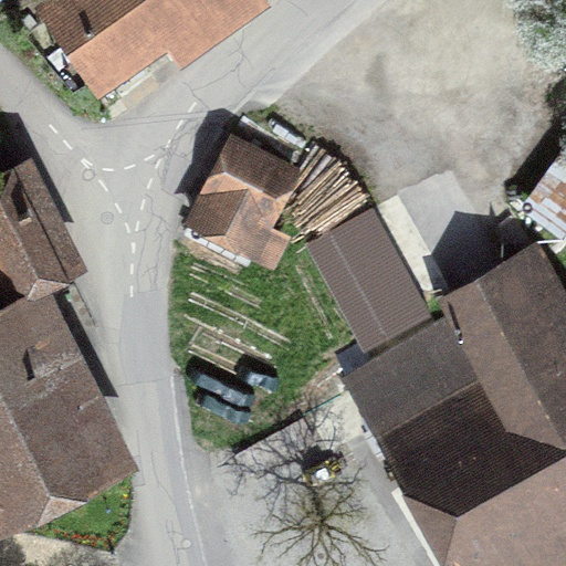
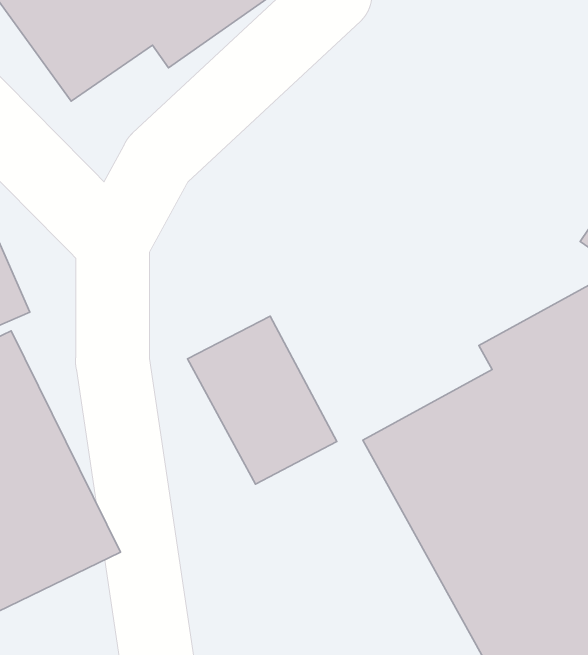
building: [182,134,302,271] -> none
building: [305,210,429,349] -> [188,316,337,484]

